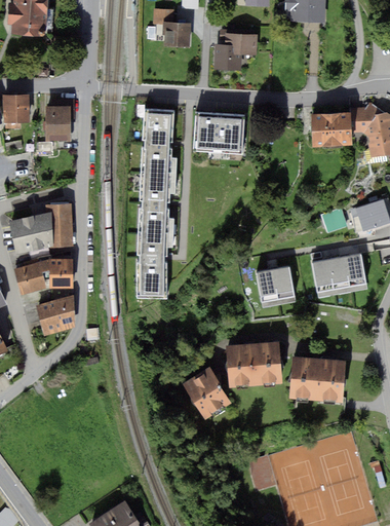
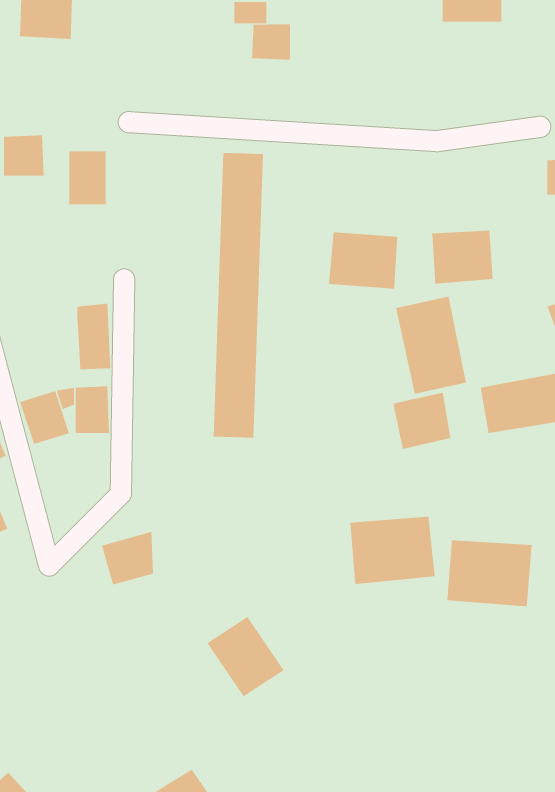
building: [213,34,255,71] -> none
building: [312,112,352,147] -> [431,230,493,284]
building: [195,114,240,151] -> [328,232,398,289]
building: none -> [395,296,466,395]
building: [7,213,52,254] -> none
building: [37,298,71,333] -> [101,531,154,585]
building: [183,367,233,419] -> [207,616,284,697]

